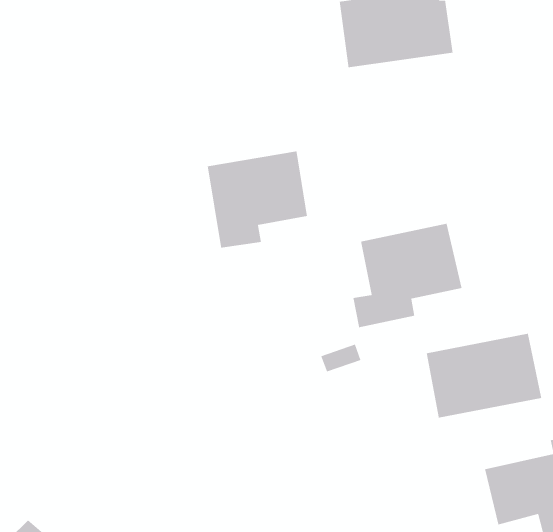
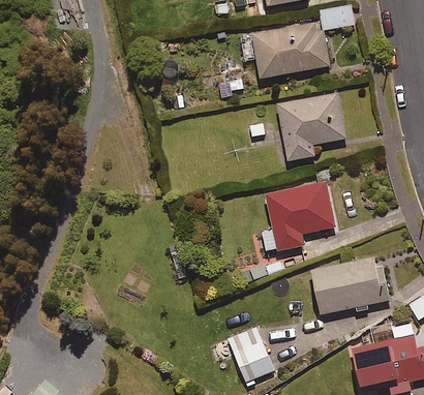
building: [207,151,308,248] -> [277,94,345,160]
building: none -> [229,328,272,382]

